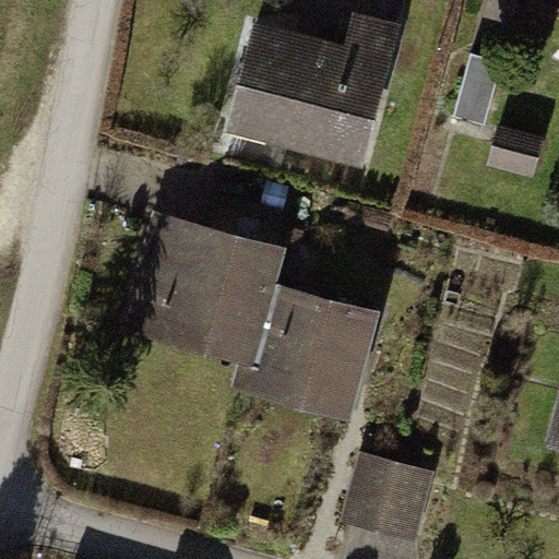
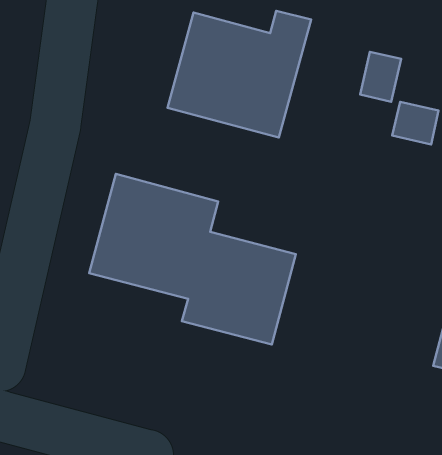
building: [349,454,443,547] -> none

